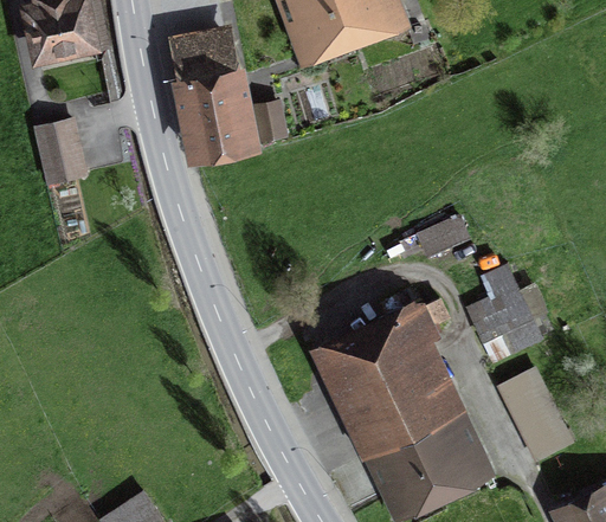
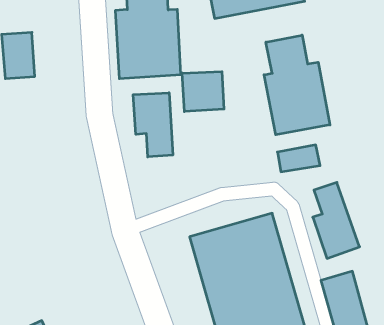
building: none -> [264,35,330,135]
building: none -> [182,72,224,112]
building: none -> [133,93,173,157]

